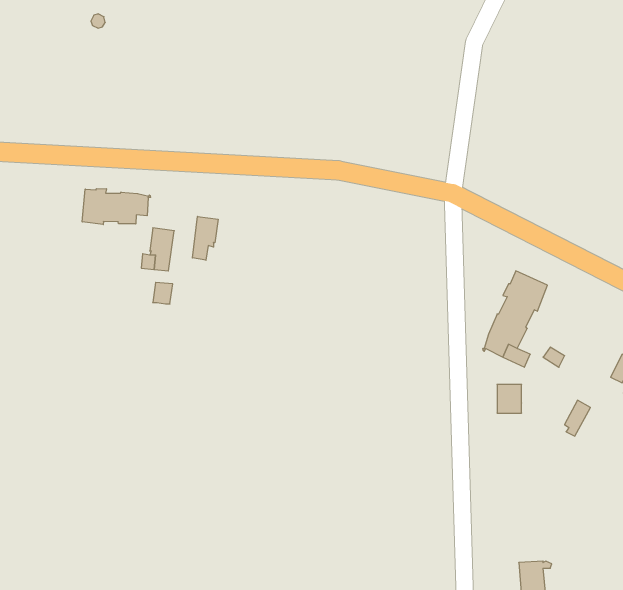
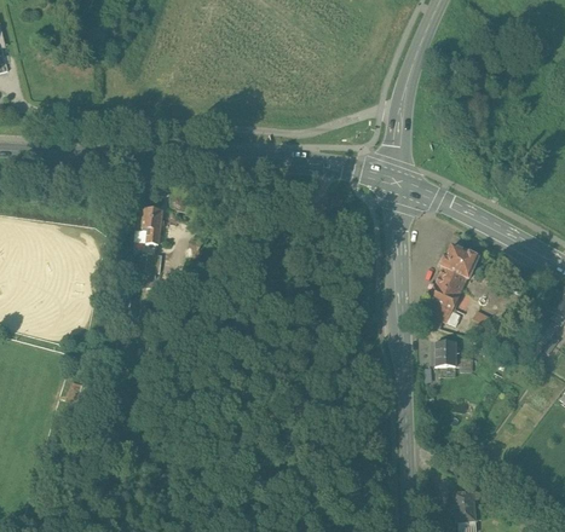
building: [82,189,151,225] -> none
building: [192,216,218,260] -> none

